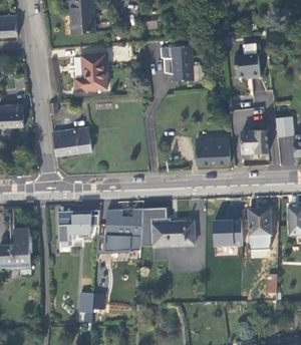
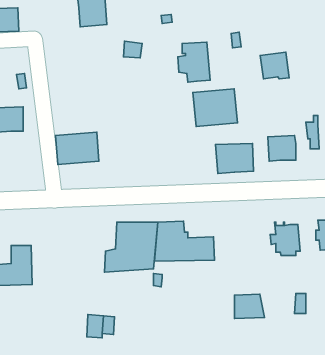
building: [75,54,108,91] -> none
building: none -> [193,89,237,126]
building: [58,212,91,243] -> none
building: [209,217,236,239] -> [234,294,264,319]

